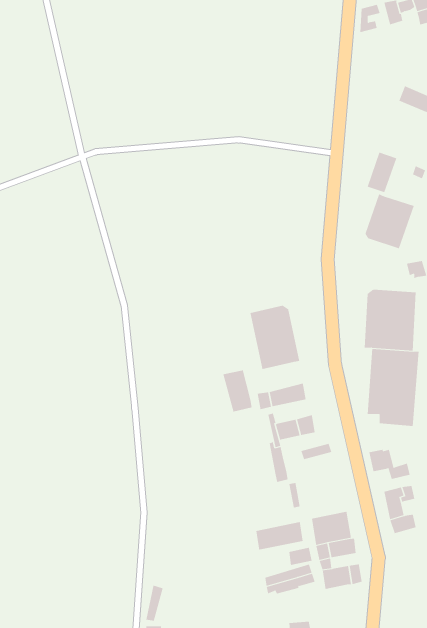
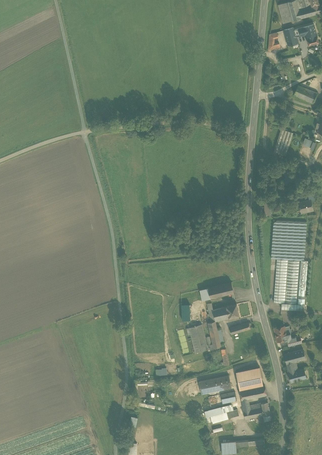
building: [365,194,414,249] -> none
building: [250,305,300,370] -> none
building: [222,370,253,412] -> [187,323,207,351]

